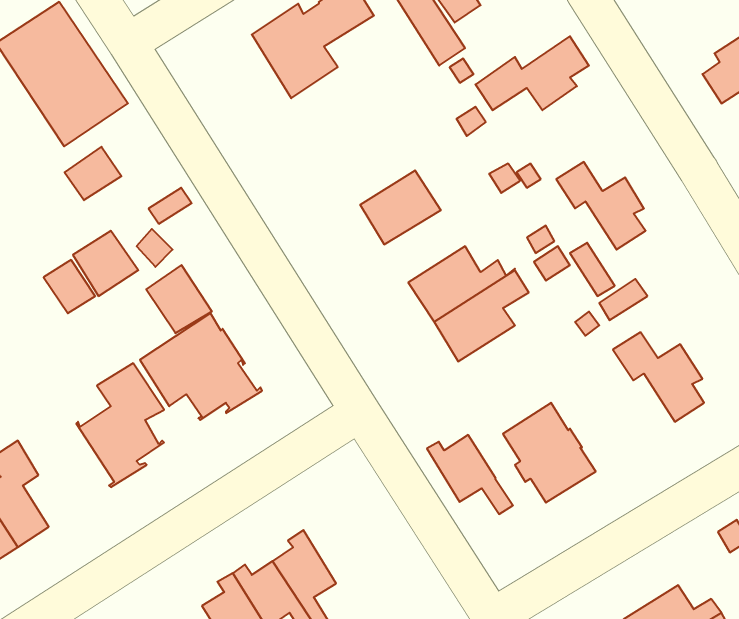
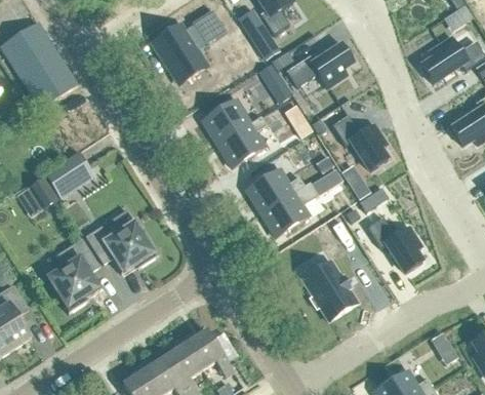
building: none -> [202,100,250,144]
building: [65,147,121,200] -> none
building: [146,265,212,333] -> none
building: [427,435,513,514] -> [184,329,235,377]

